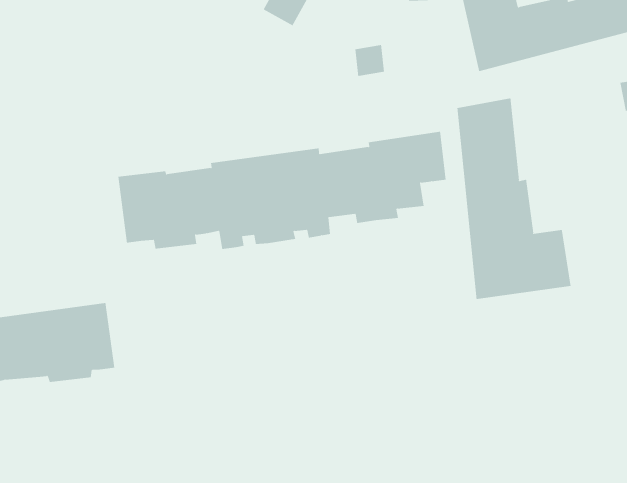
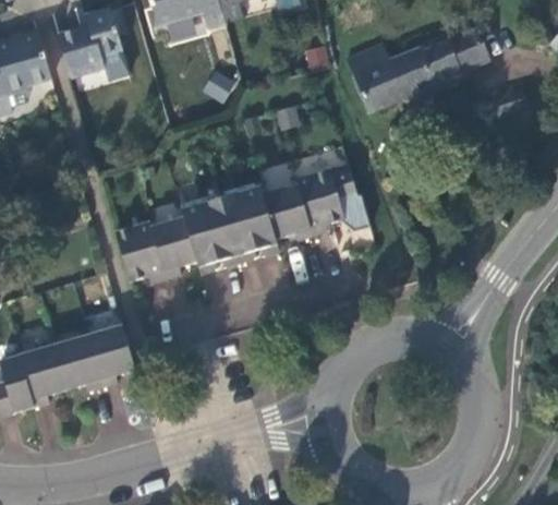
building: [457,98,571,300] -> none

